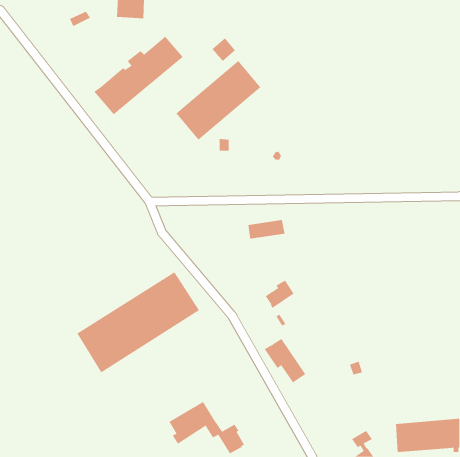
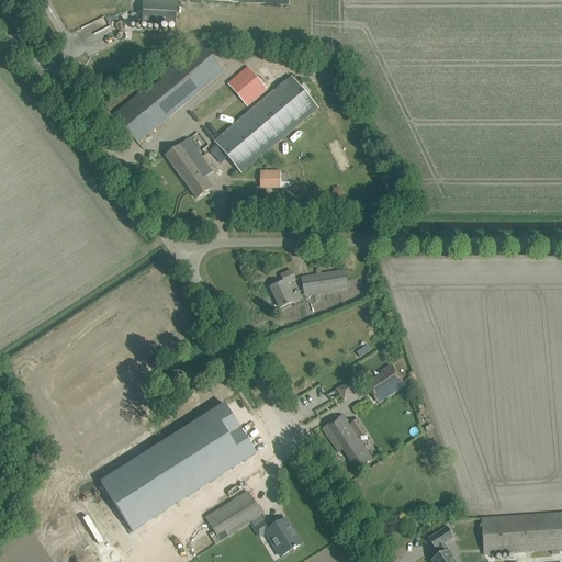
building: [212,38,236,62] -> [237,71,267,101]
building: none -> [166,136,212,195]
building: none -> [271,268,295,305]
building: [77,271,200,373] -> [104,404,255,528]
building: [265,280,294,309] -> [367,362,403,397]

